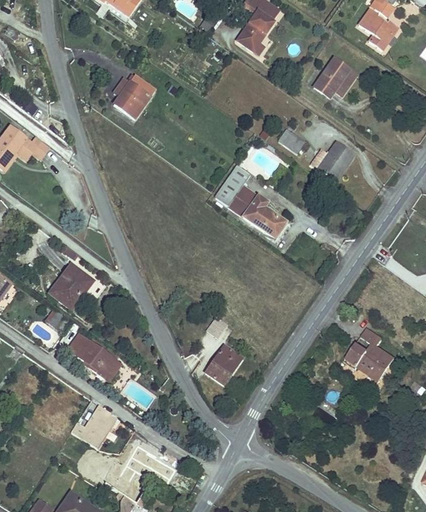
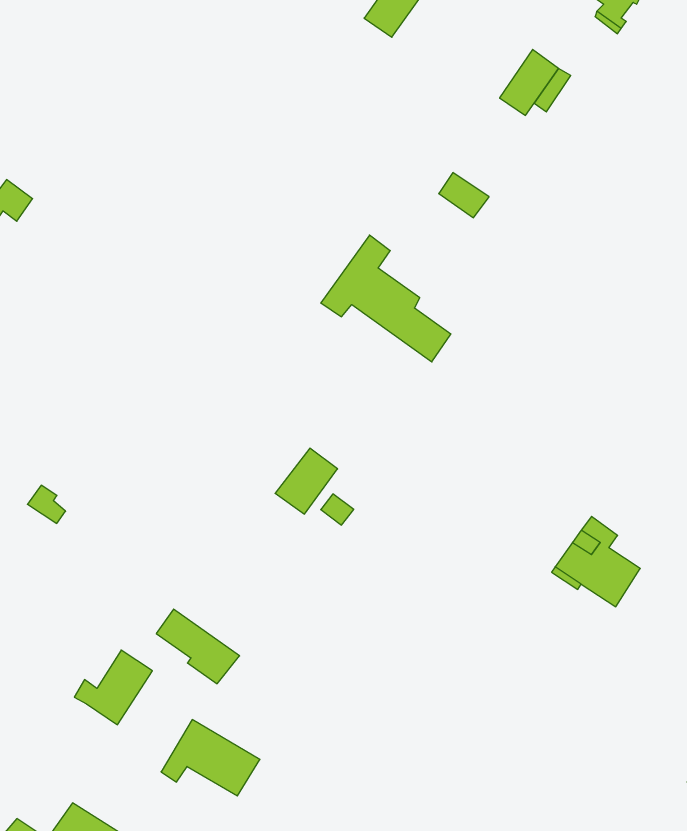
building: [117,76,156,117] -> none
building: [319,141,355,180] -> none
building: [49,265,94,311] -> none
building: [67,335,115,378] -> [156,609,240,684]
building: [207,344,243,382] -> [275,448,338,514]

